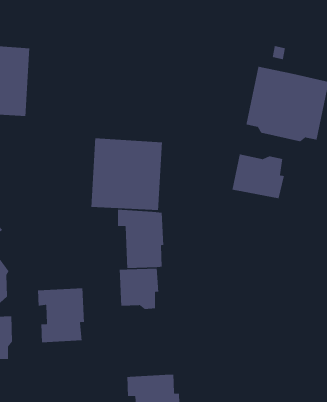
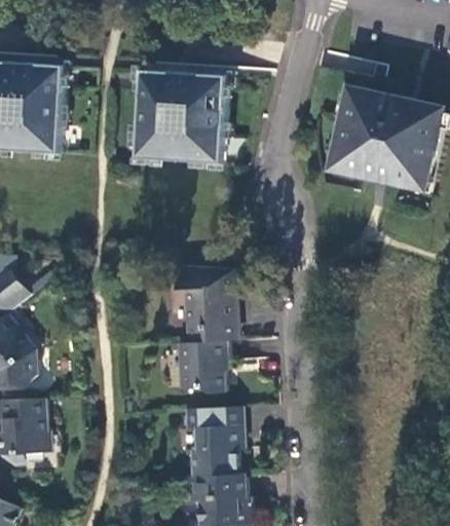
building: [90,138,163,211] -> [139,71,229,162]
building: [232,154,285,199] -> none
building: [37,287,85,343] -> [185,407,245,477]

